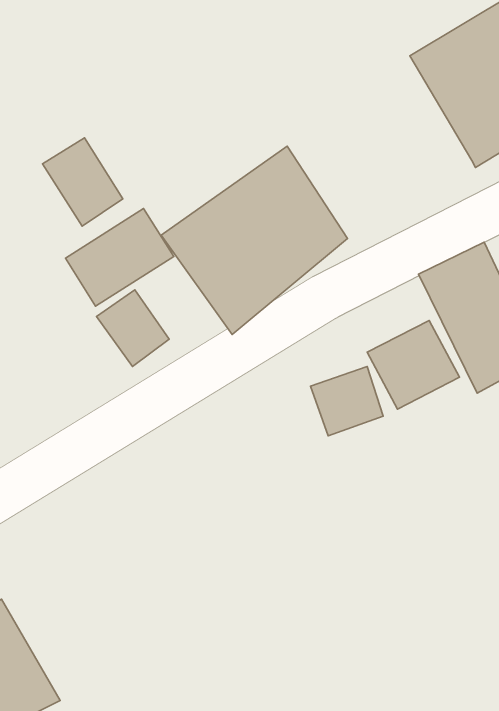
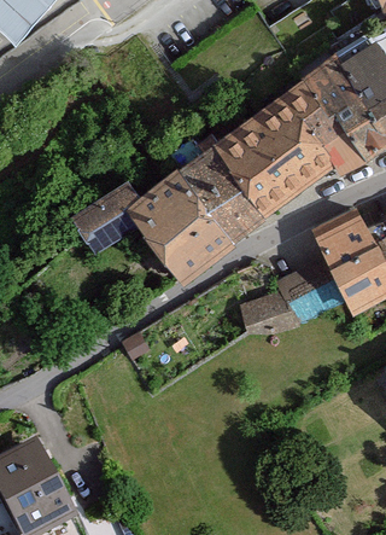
building: none -> [227,80,352,204]
building: [43,138,123,226] -> none
building: [97,290,169,367] -> none

